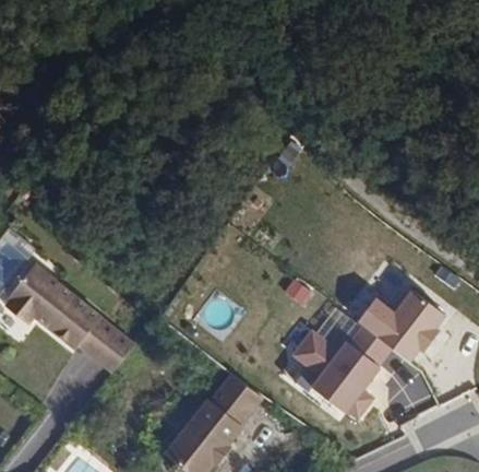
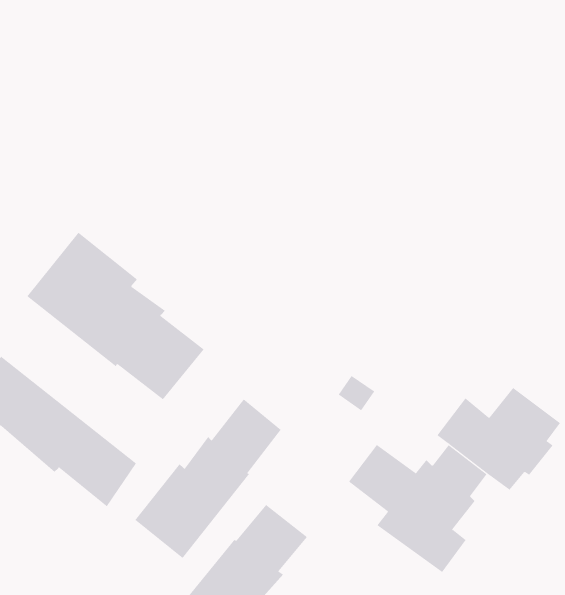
building: none -> [27,232,204,400]
building: none -> [135,398,282,559]

